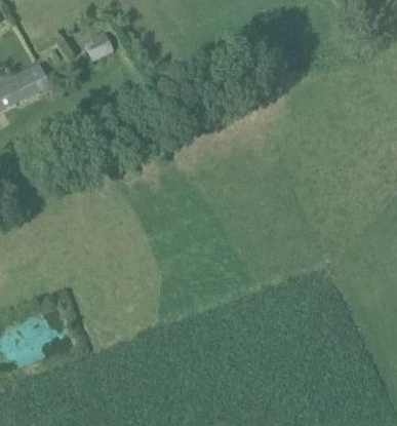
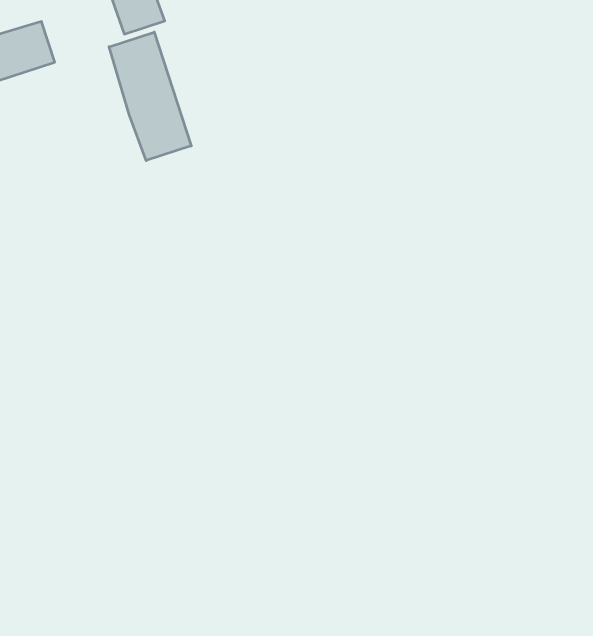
building: none -> [109,32,191,161]

